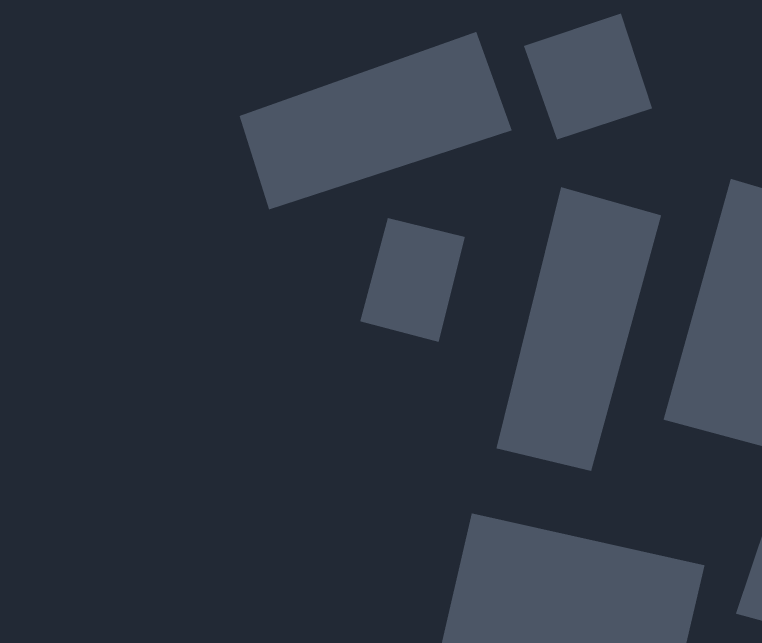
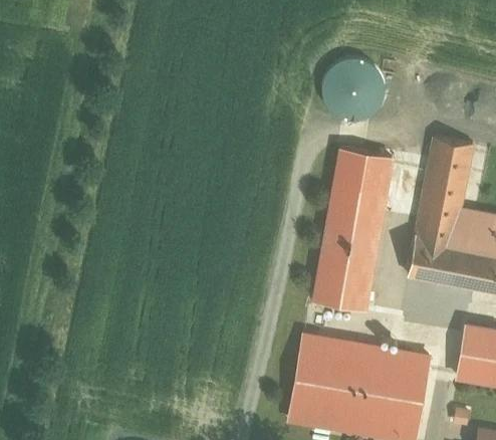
building: [238,31,513,211] -> none
building: [359,217,466,343] -> none

